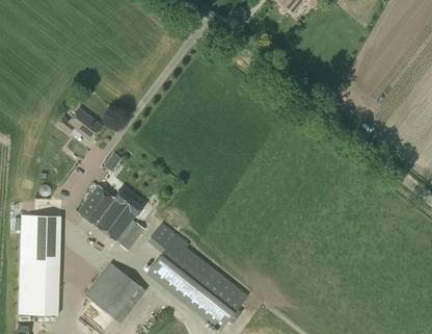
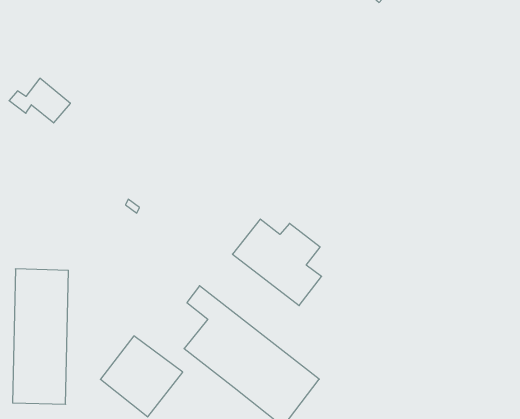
building: [57,107,103,140] -> [9,78,70,123]
building: [78,185,144,250] -> [232,219,322,306]

